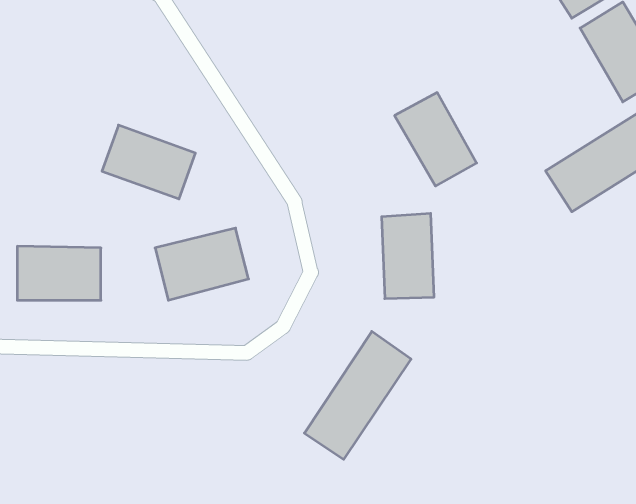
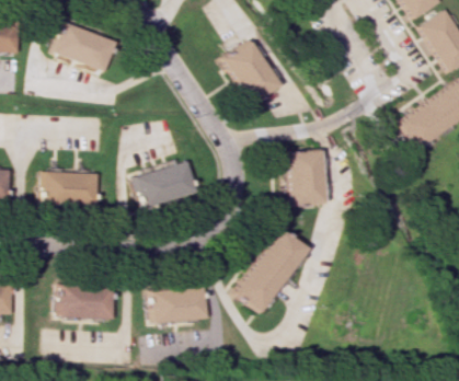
building: [395,93,477,186] -> [221,42,276,104]
building: [102,125,195,199] -> [54,23,116,72]
building: none -> [58,285,111,319]
building: none -> [150,288,204,322]

